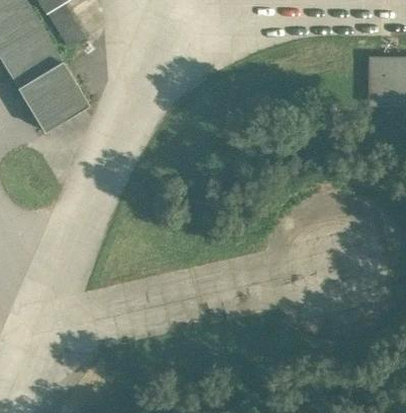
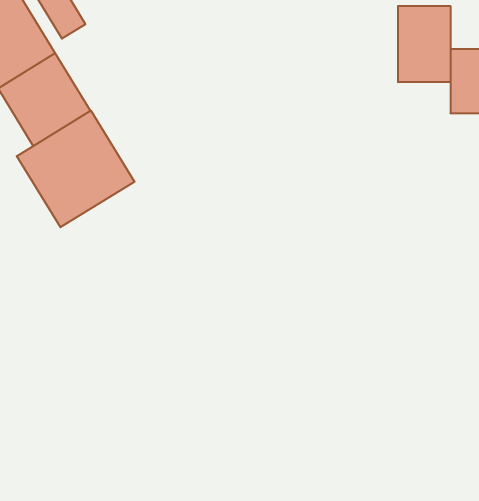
building: none -> [398,6,450,82]
building: none -> [17,111,135,227]

